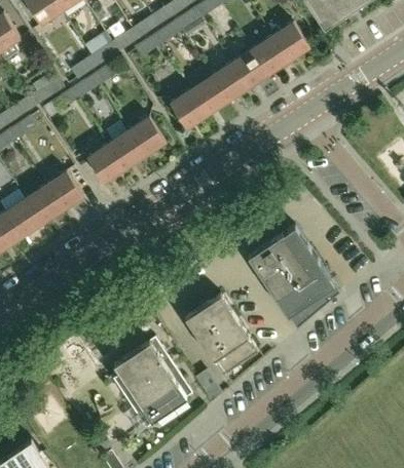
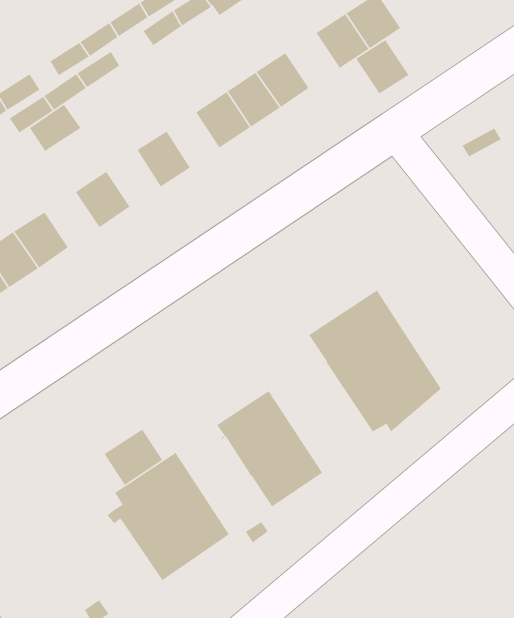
building: [231,49,268,87] -> [355,39,409,95]
building: none -> [29,104,81,152]
building: [109,129,146,168] -> none
building: none -> [103,428,163,486]

